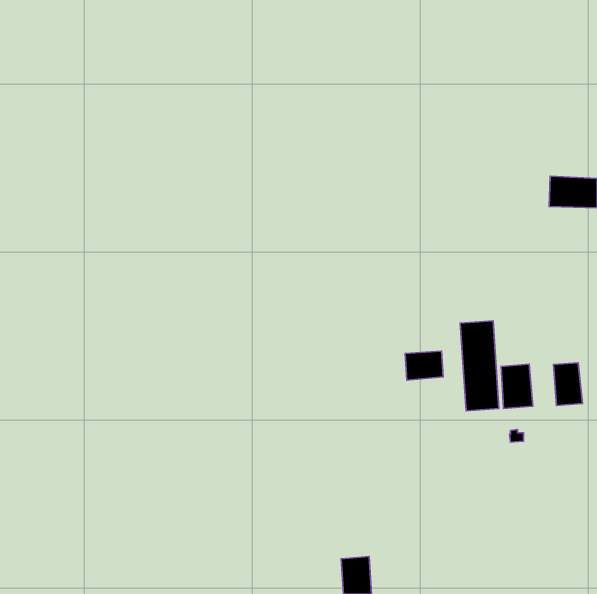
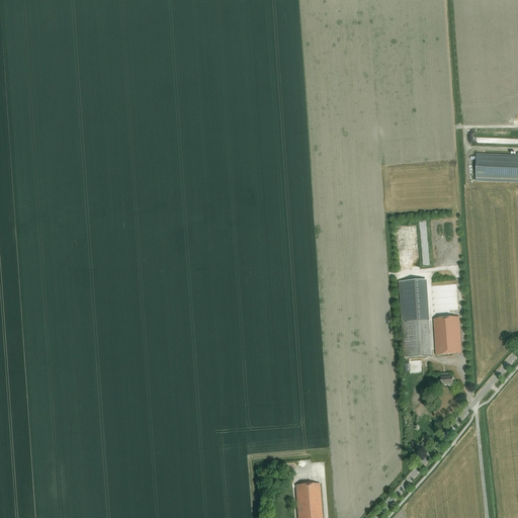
building: [405,351,443,380] -> none
building: [553,363,582,405] -> none

